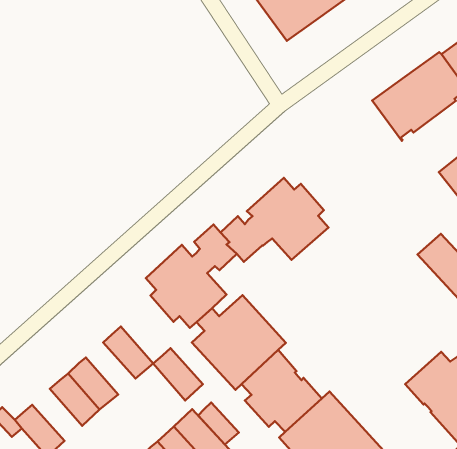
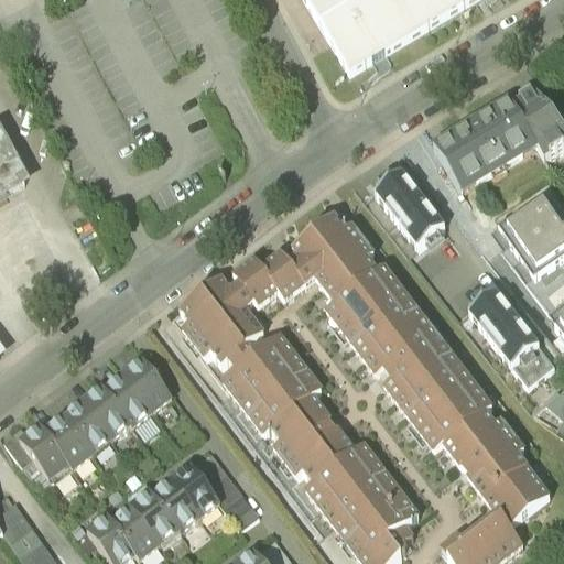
building: none -> [373,167,443,243]
building: none -> [325,265,491,451]
building: [153,348,203,400] -> [108,372,159,429]
building: none -> [47,416,98,473]
building: [198,402,239,444] -> none

